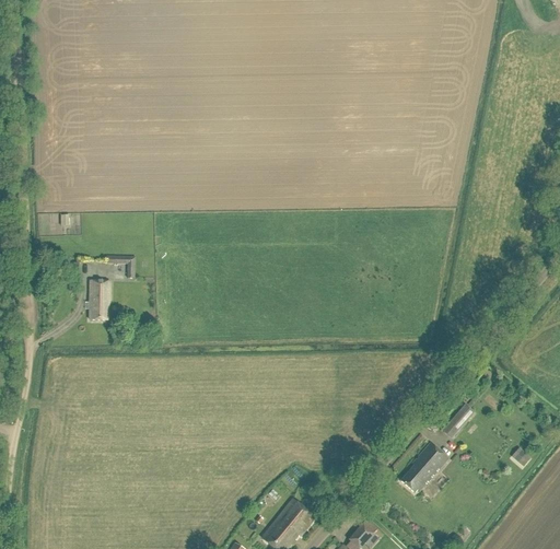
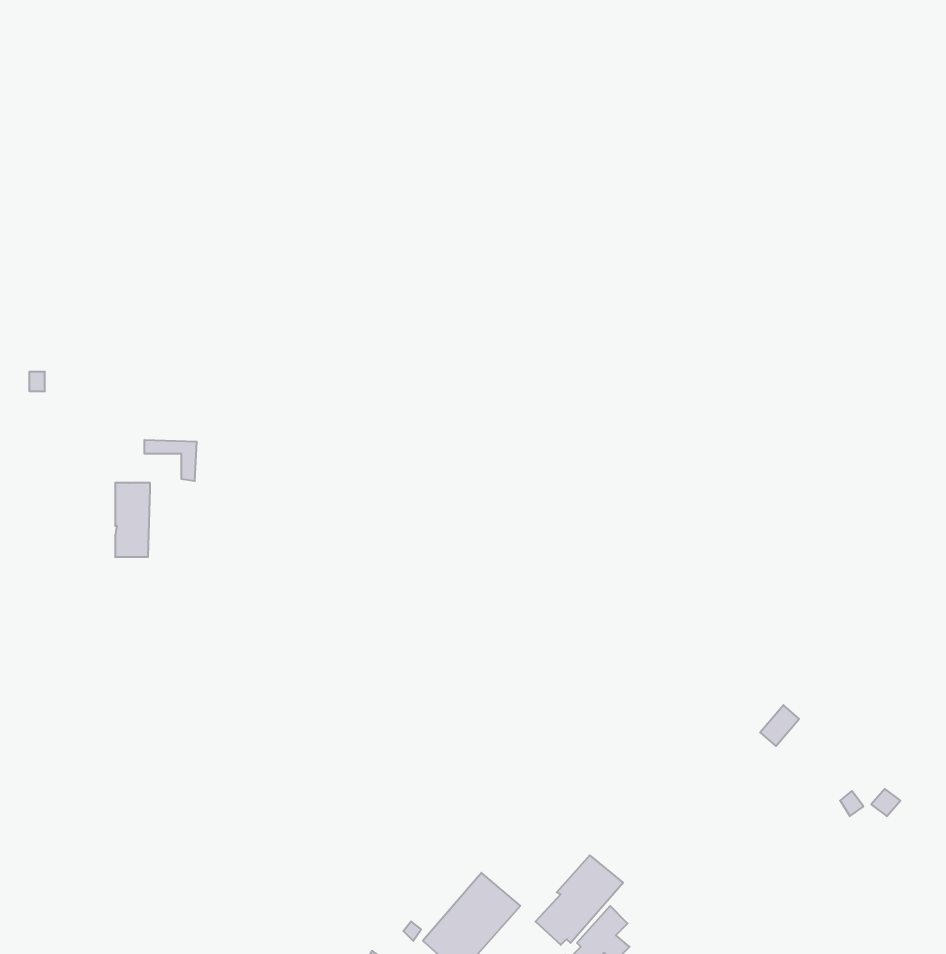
building: [398,444,447,494] -> [535,855,623,945]

